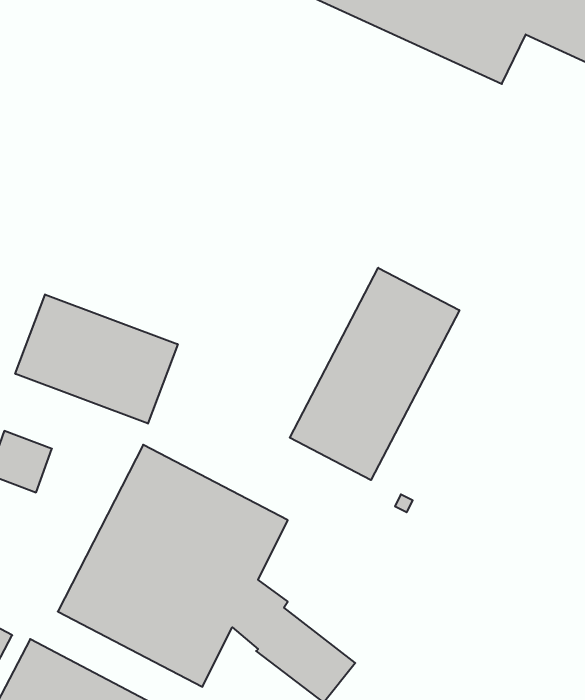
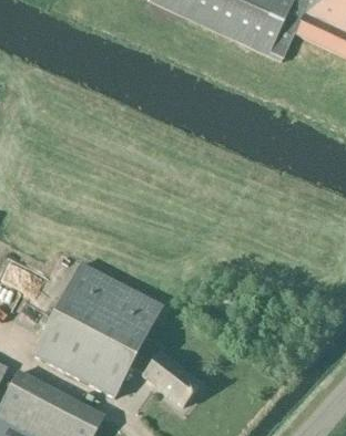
building: [290,268,459,480] -> none
building: [15,294,178,424] -> none

